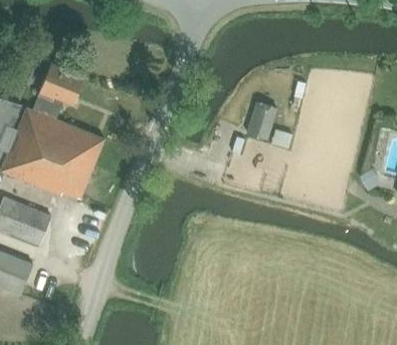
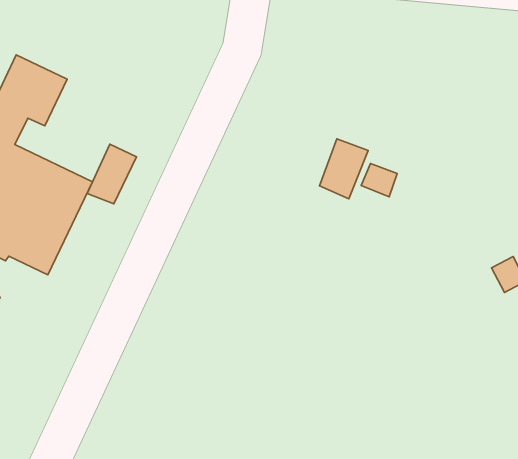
building: none -> [87,144,136,204]

